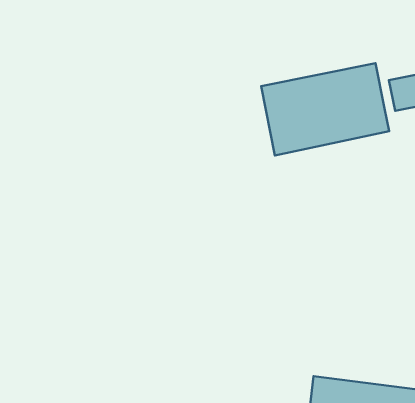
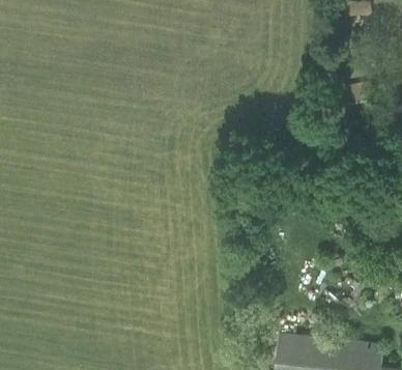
building: [261,63,389,156] -> none

